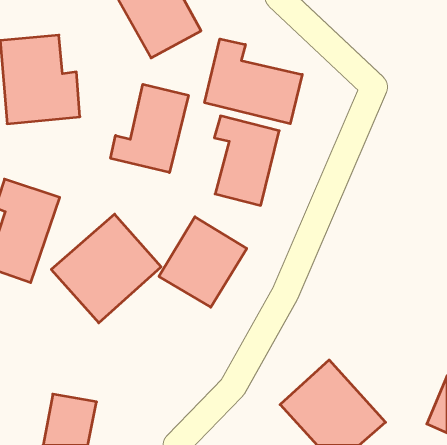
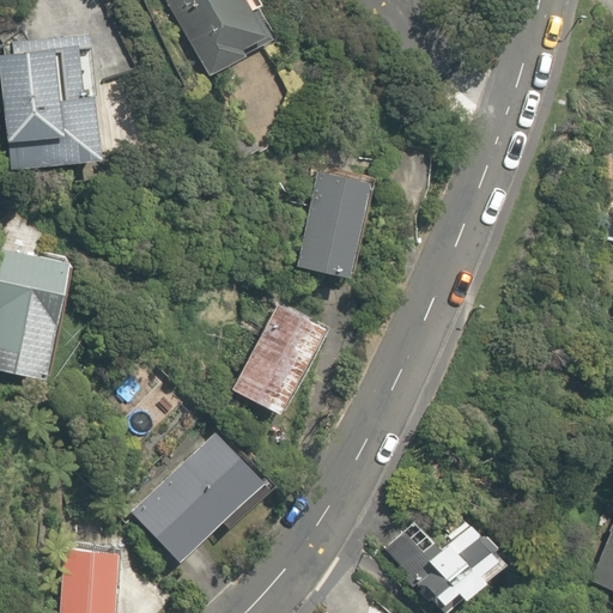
building: [205,39,302,124] -> none
building: [111,84,188,173] -> none
building: [51,214,161,323] -> [121,423,271,571]

